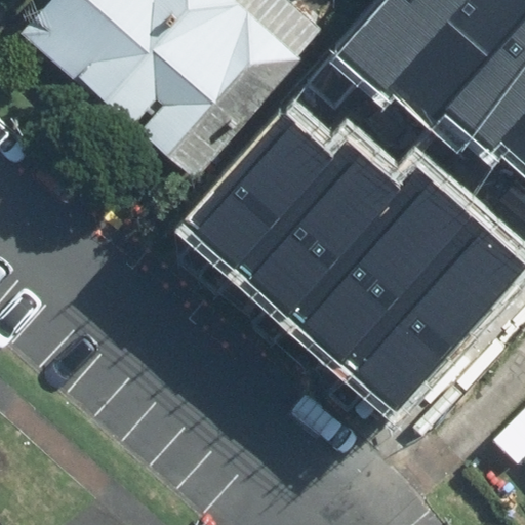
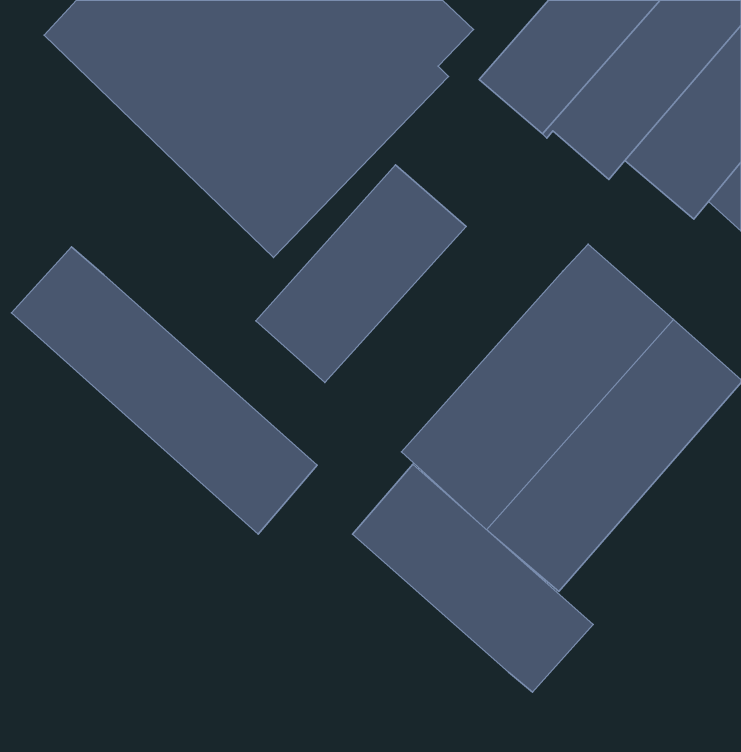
building: [227,142,393,315] -> none
building: none -> [12,247,317,534]
building: none -> [353,464,593,692]

